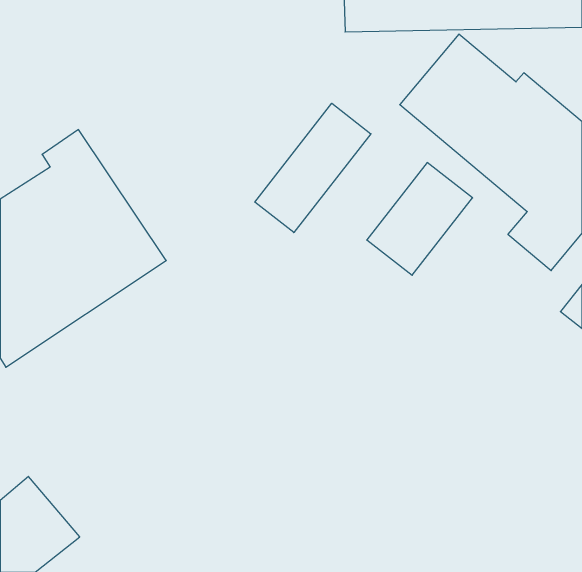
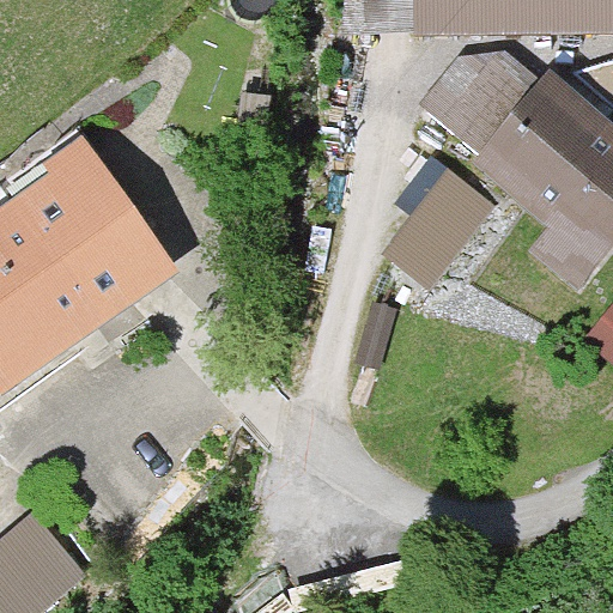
building: [255,103,371,233] -> none

